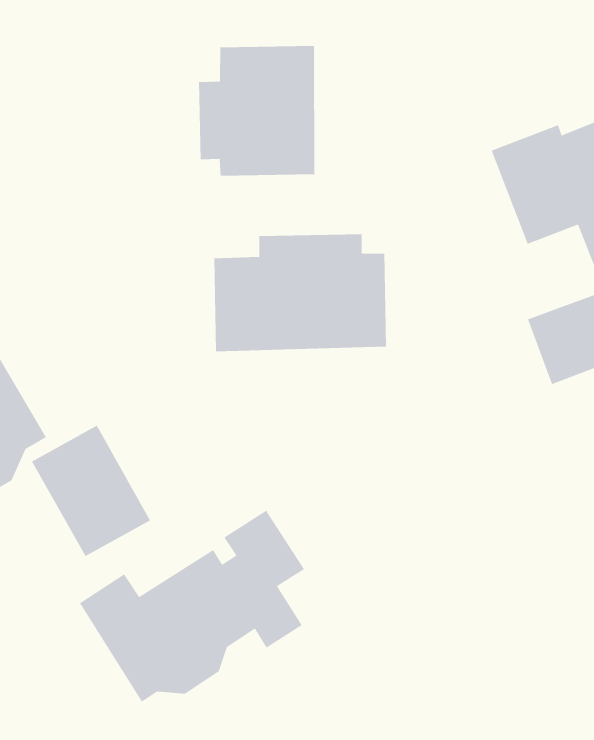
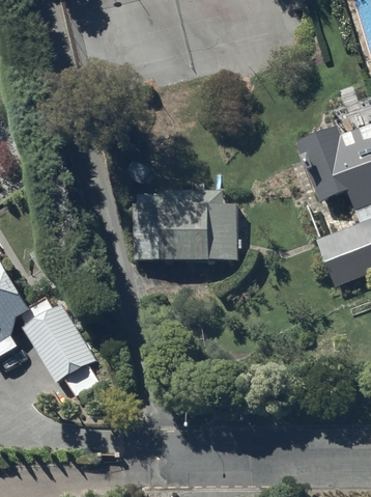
building: [198,45,315,176] -> none
building: [79,510,305,703] -> none

